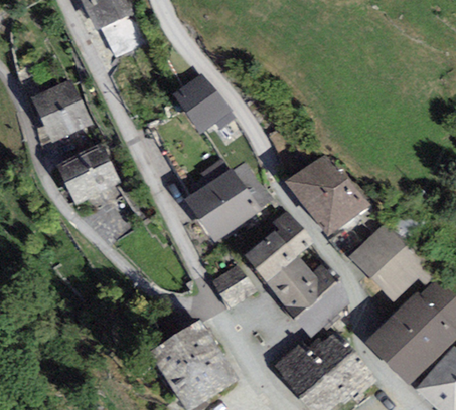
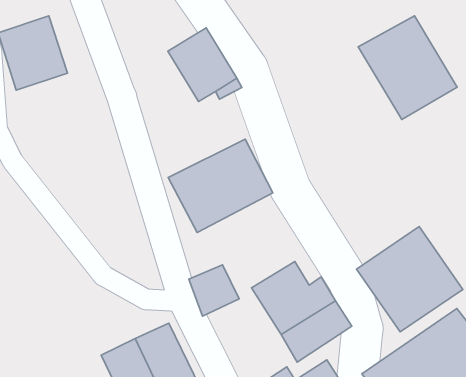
building: [56,144,122,204] -> none
building: [285,151,370,237] -> [358,16,457,119]
building: [245,211,313,281] -> none

